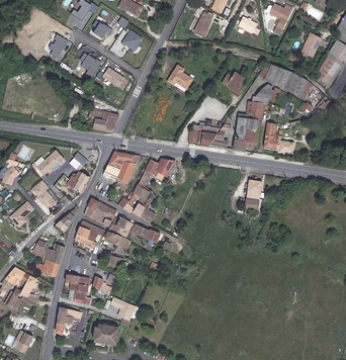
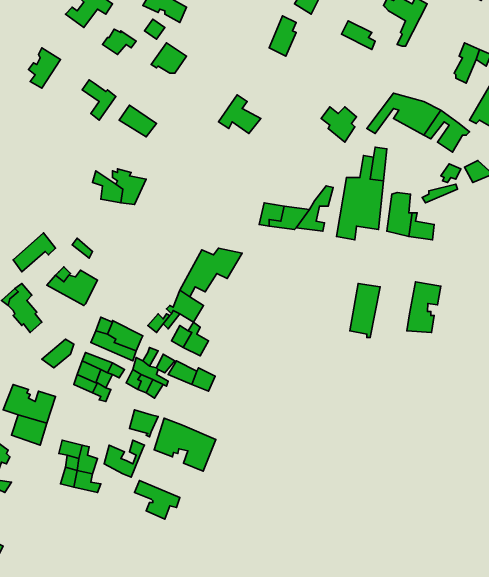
building: [104,151,138,190] -> none
building: none -> [407,282,441,333]
building: none -> [154,418,216,471]
building: [56,307,85,337] -> none
building: [95,324,120,346] -> none

